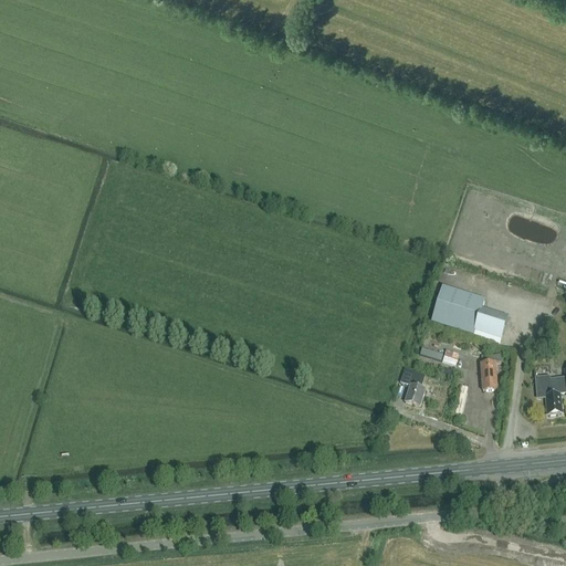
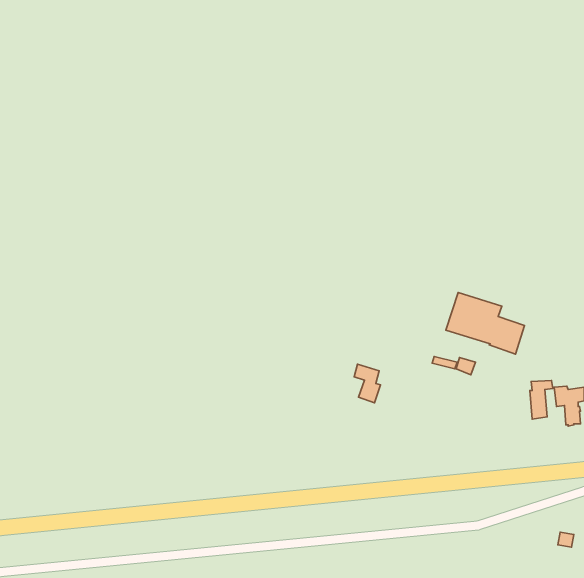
building: [480,350,502,388] -> [530,380,553,419]
building: [400,366,426,403] -> [354,364,380,403]

